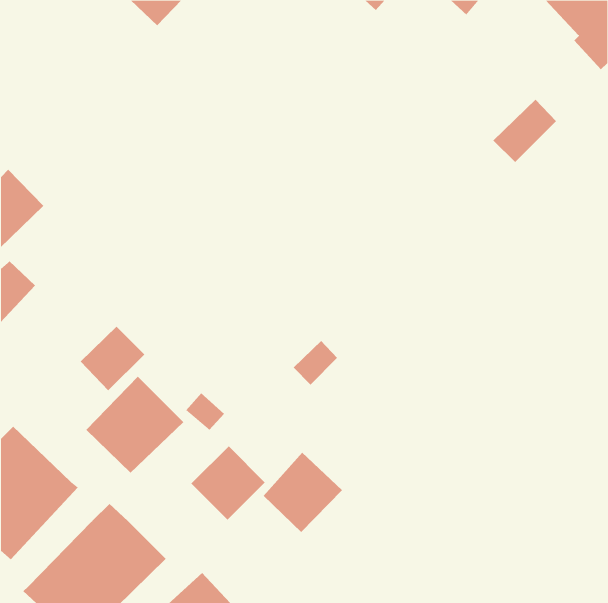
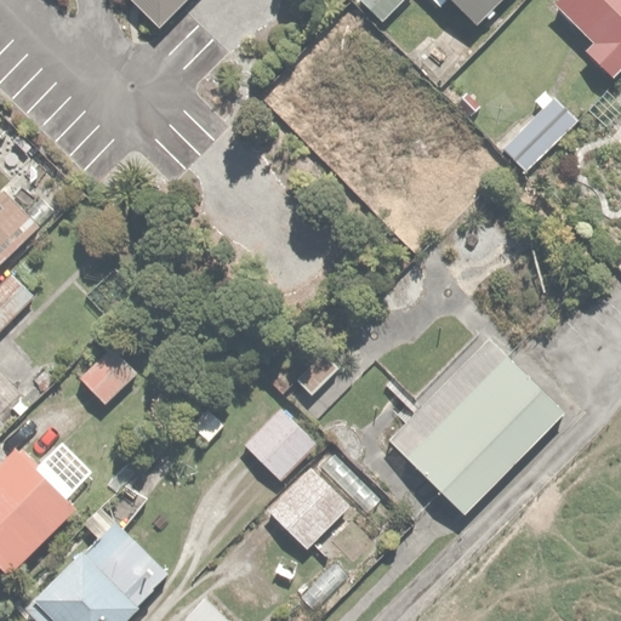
building: none -> [391,344,556,507]
building: [85,376,184,473] -> none
building: [191,446,266,521] -> [241,405,318,482]

